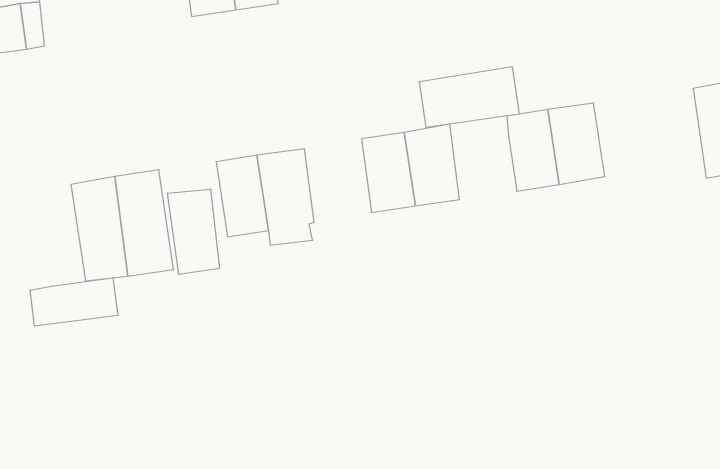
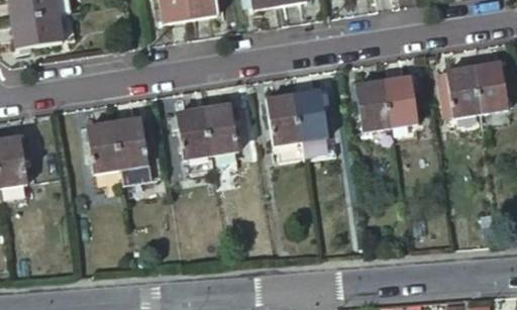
building: [420,67,519,127] -> none
building: none -> [446,66,481,125]
building: [168,189,219,274] -> none
building: [30,278,118,326] -> none

